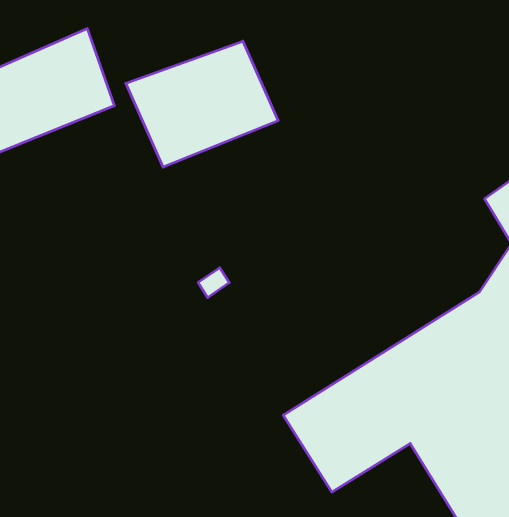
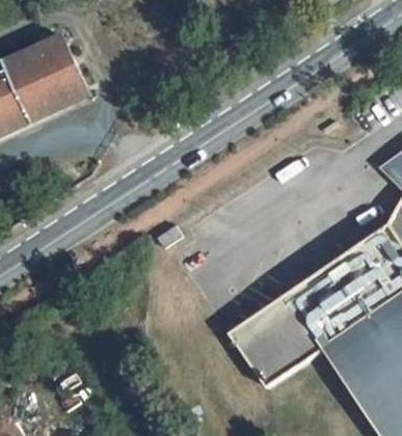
building: [126,41,278,167] -> none

